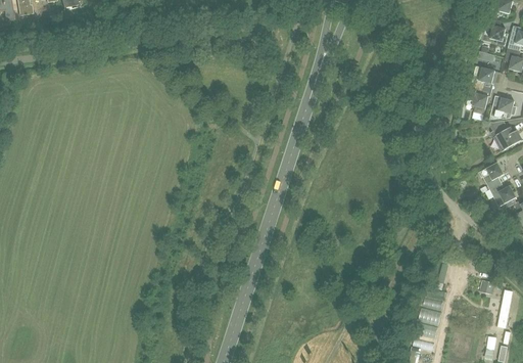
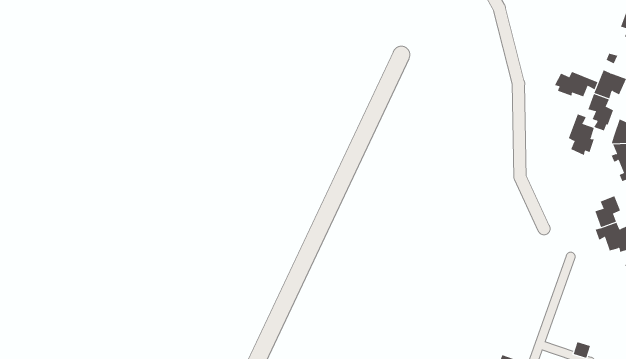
building: none -> [554,71,598,97]
building: none -> [568,113,595,156]

